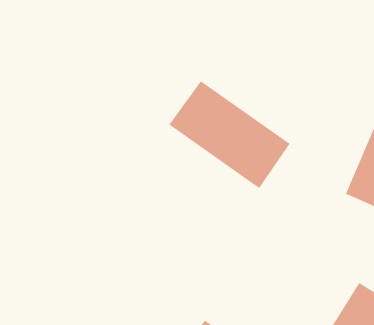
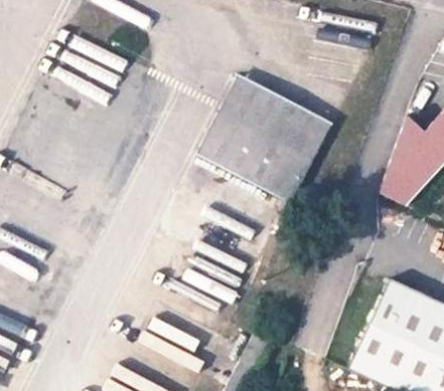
building: none -> [226,77,332,160]

